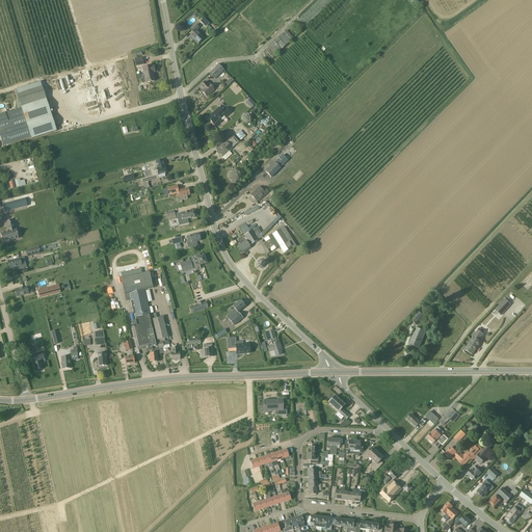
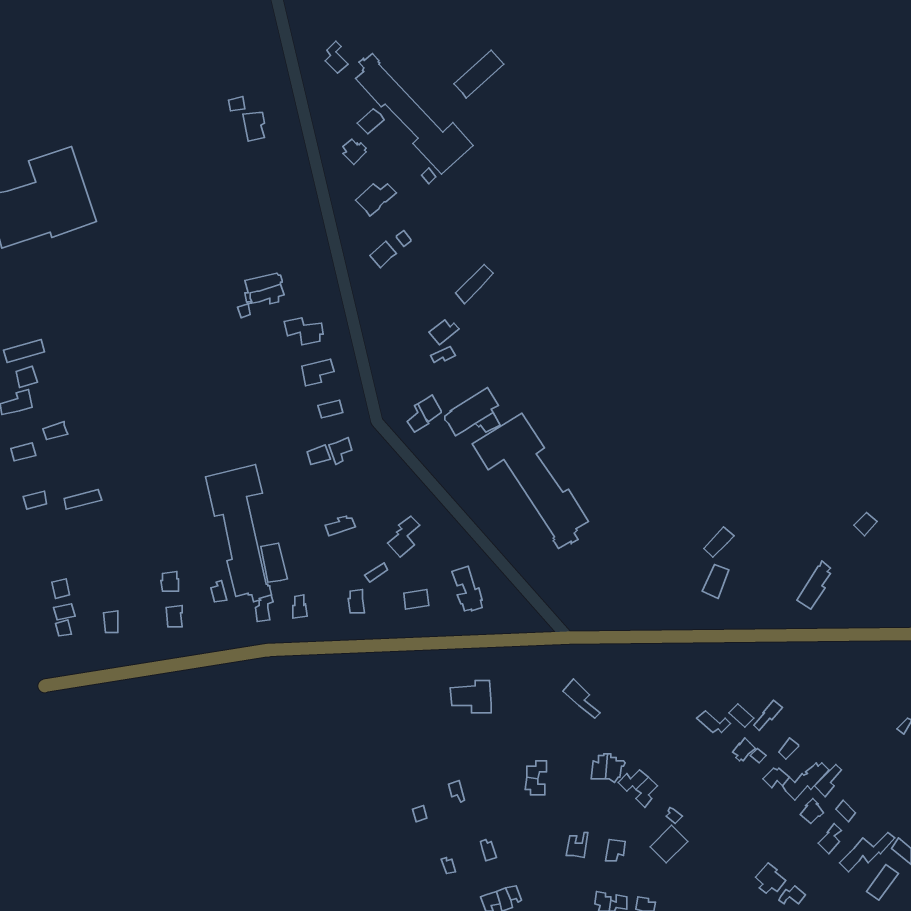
building: none -> [356,54,473,174]
building: none -> [472,413,589,549]

